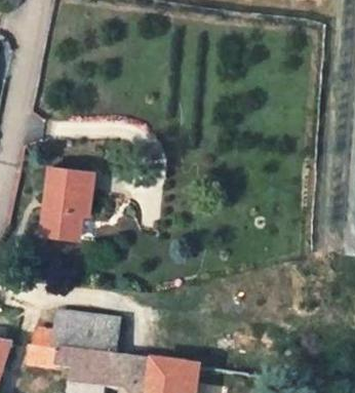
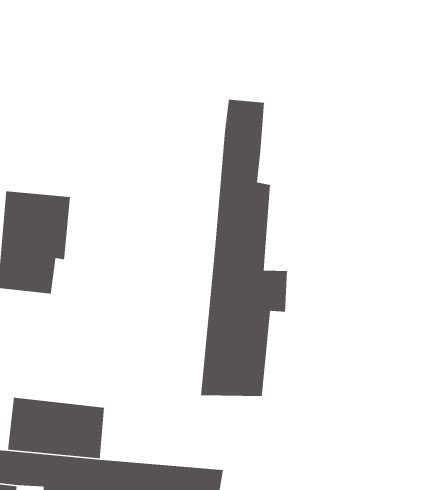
building: none -> [200,99,288,397]

